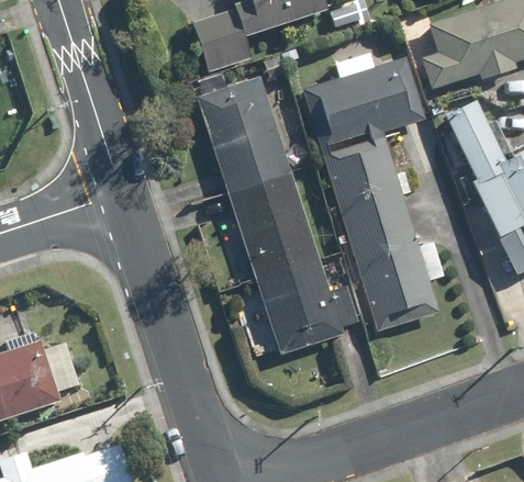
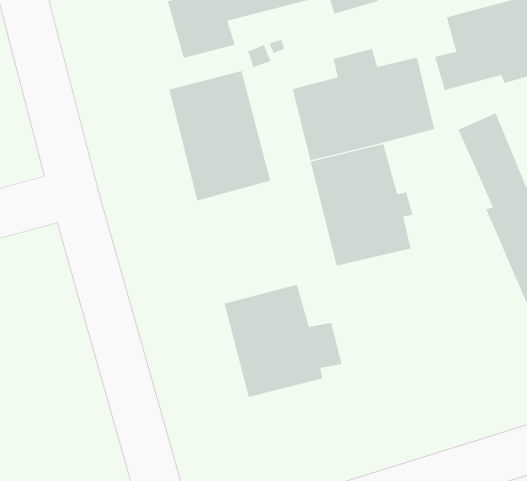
building: [228,172,317,278] -> none
building: [349,223,444,334] -> none

